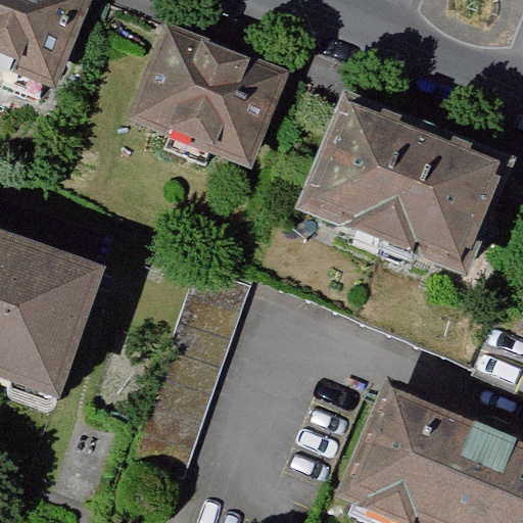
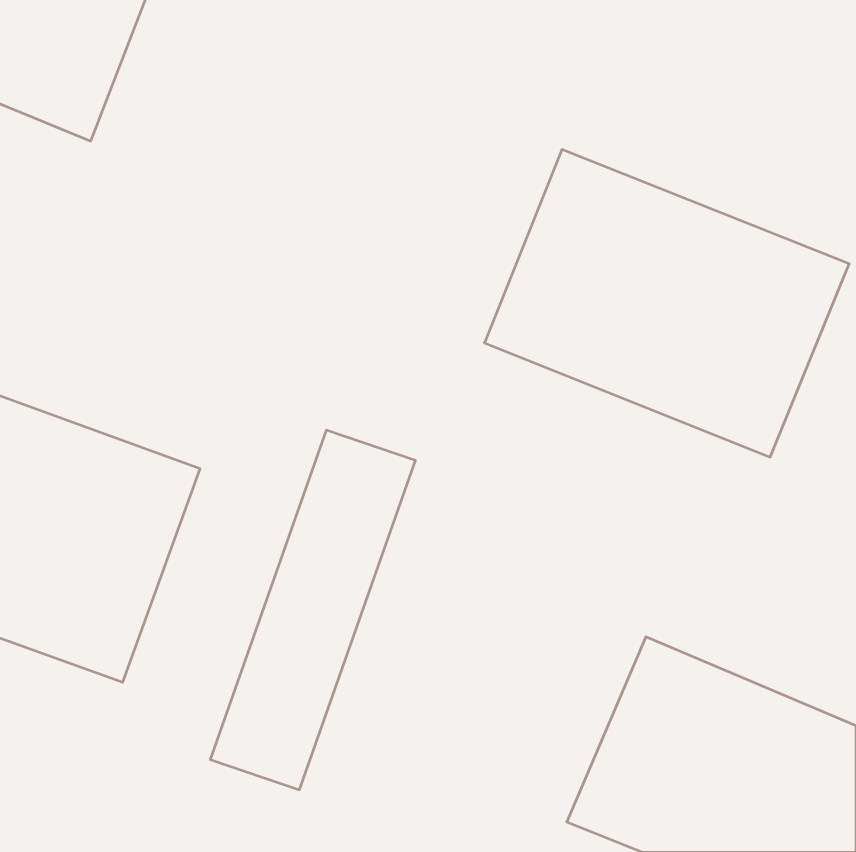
building: [126,18,291,168] -> none

